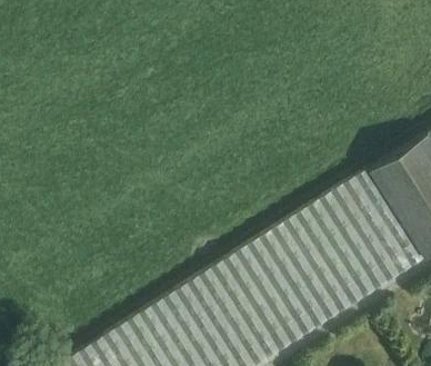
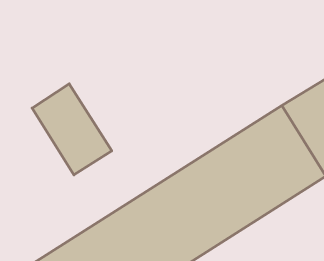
building: none -> [32,84,112,175]

